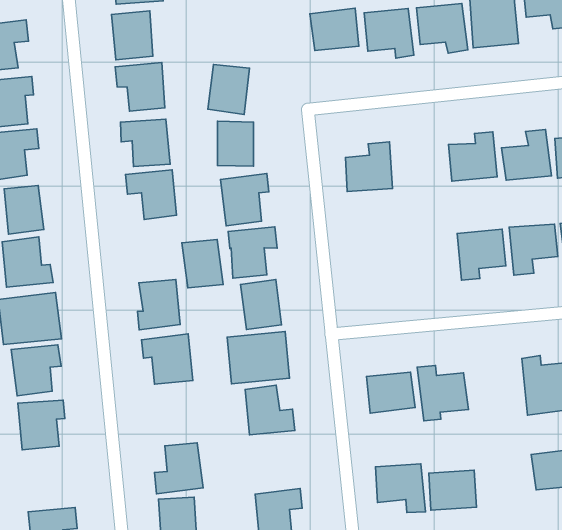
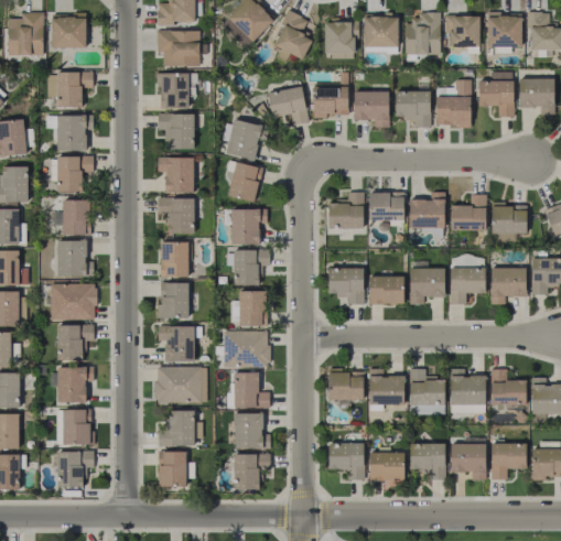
building: none -> [267,85,309,125]
building: none -> [368,192,403,220]
building: none -> [327,268,364,304]
building: [182,239,223,288] -> [160,241,188,277]
building: none -> [368,275,403,304]
building: none -> [409,368,444,413]
building: none -> [155,366,207,403]
building: none -> [234,412,269,448]
building: none -> [409,443,445,479]
building: none -> [56,409,90,444]

